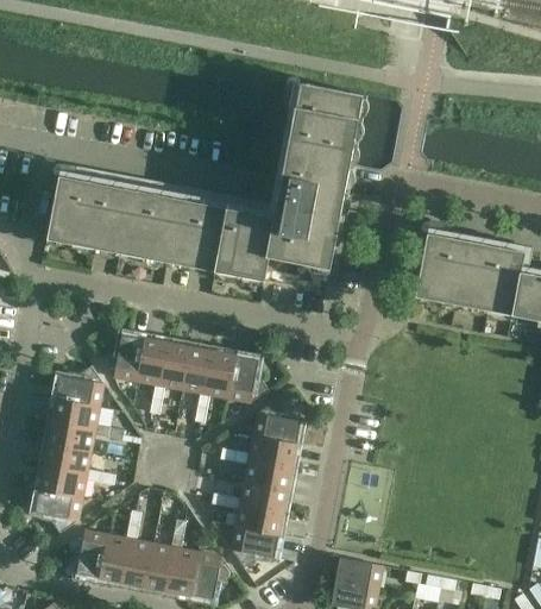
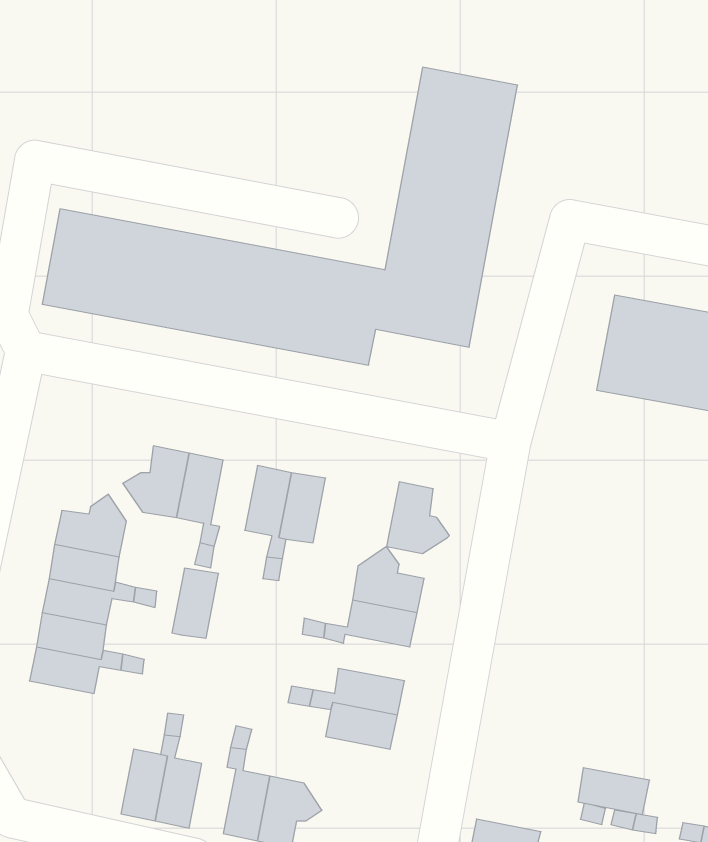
building: [159,343,190,389] -> [172,568,219,638]
building: [227,354,269,402] -> [387,482,449,554]
building: [244,458,291,489] -> none
building: [34,489,82,533] -> none
building: [231,526,278,567] -> none
building: [67,530,108,577] -> none
building: [145,544,176,590] -> none
building: [335,558,383,589] -> [578,768,650,814]

